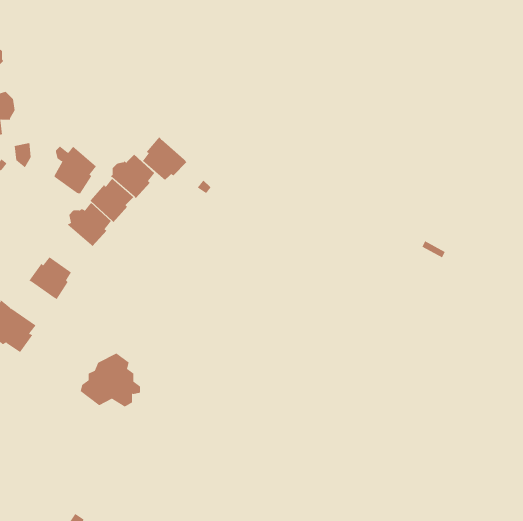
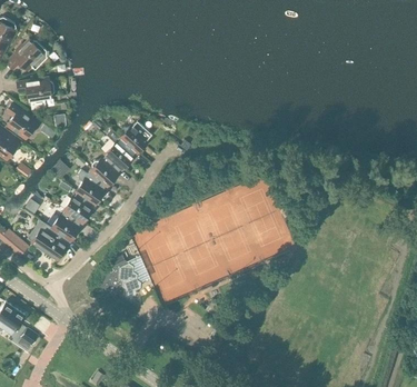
building: [142,136,187,181] -> none
building: [54,146,97,194] -> [77,170,107,204]
building: none -> [51,210,81,241]

